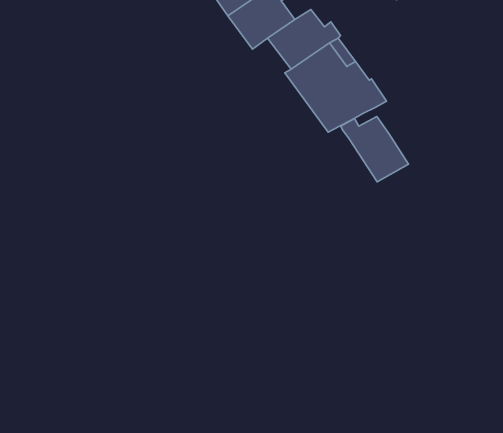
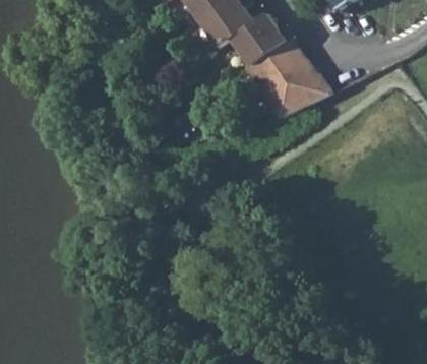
building: [341,116,409,182] -> none

